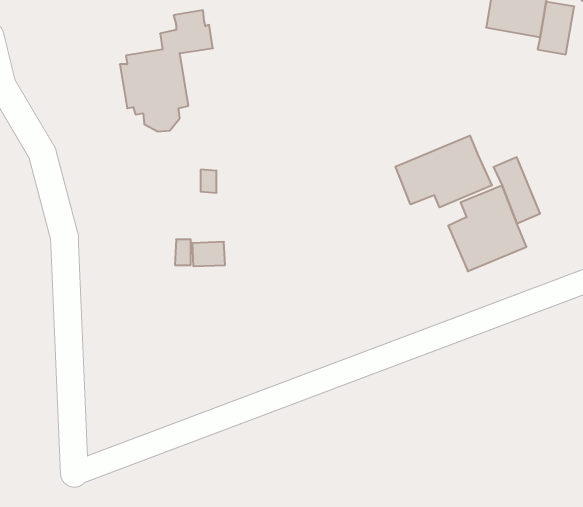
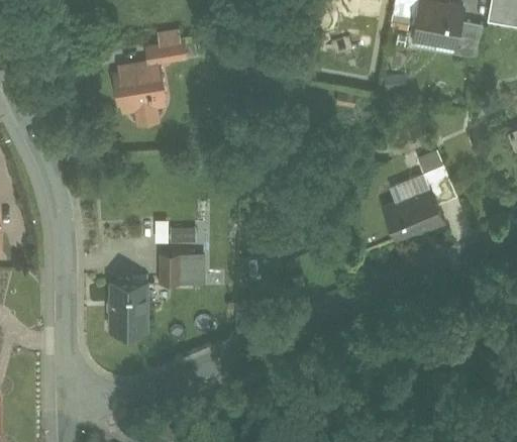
building: [396,136,492,207] -> none
building: none -> [159,252,205,285]
building: none -> [107,282,148,331]

